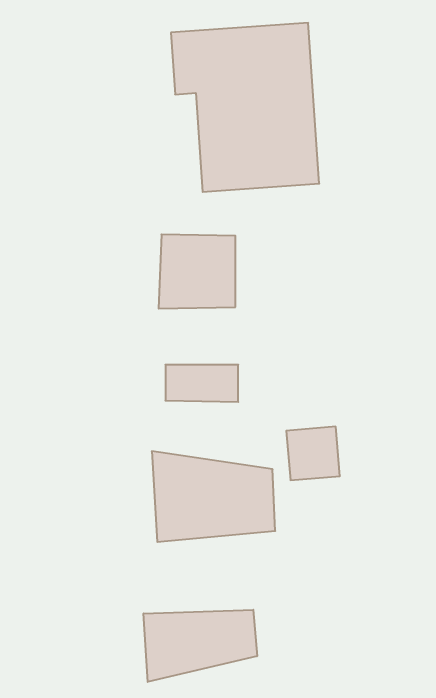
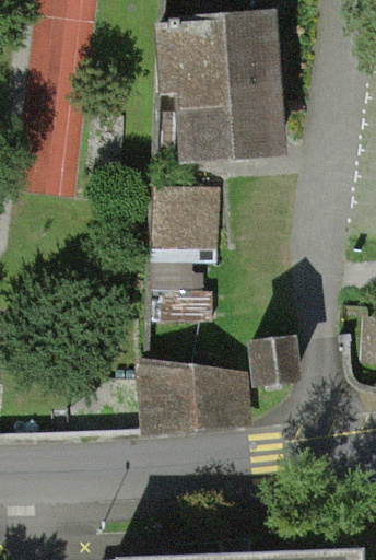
building: [144,610,257,682] -> none

